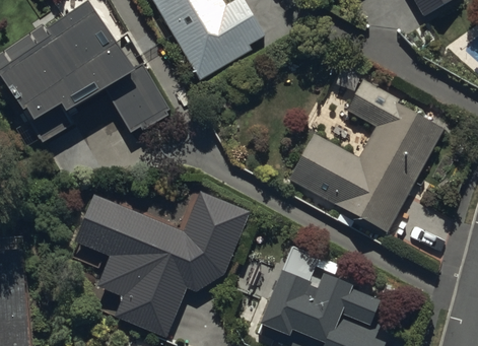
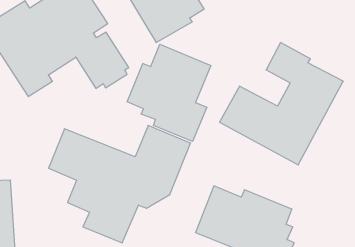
building: none -> [127,44,211,141]

